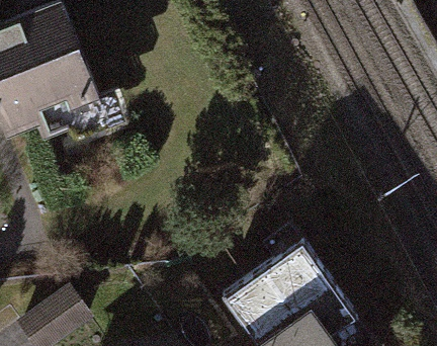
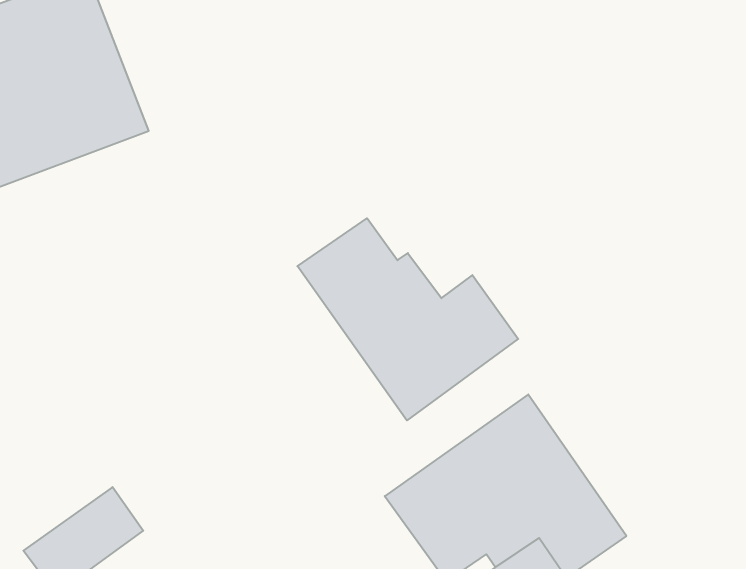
building: none -> [297,218,518,420]

